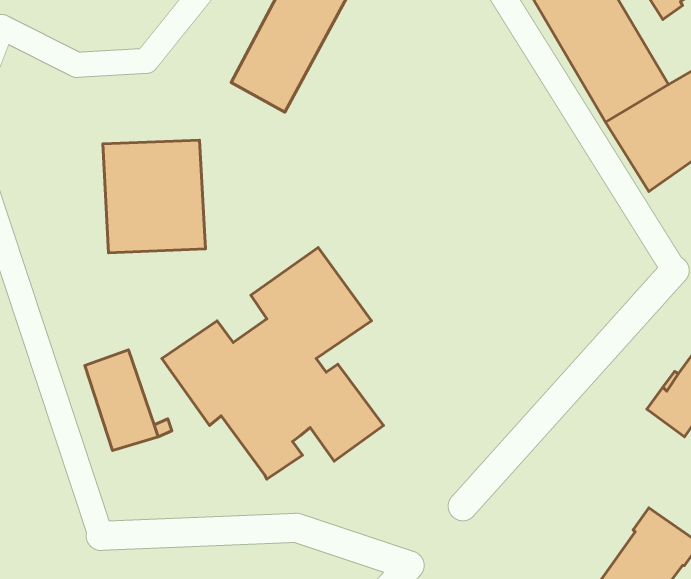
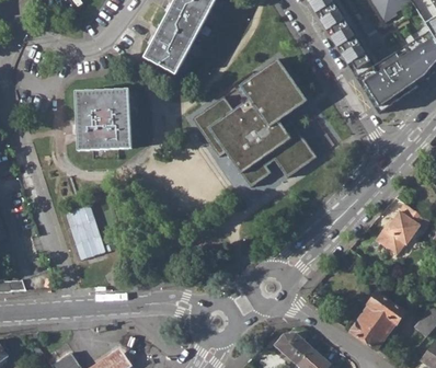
building: [162,248,383,479] -> [193,58,315,186]

